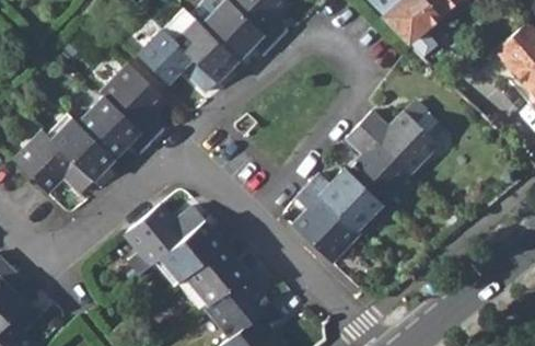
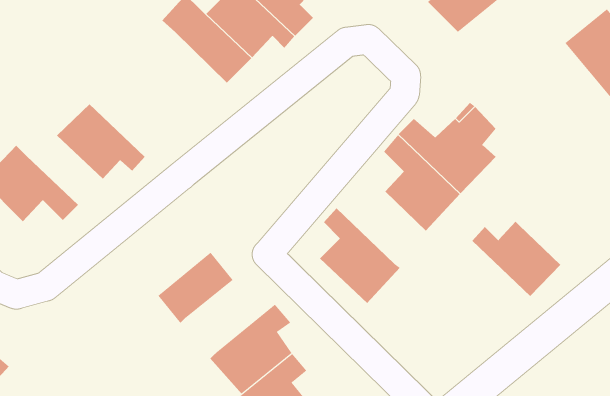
building: [140,31,218,92] -> none
building: [100,65,165,142] -> none
building: [54,120,116,182] -> none
building: [307,168,381,230] -> [472,221,561,297]
building: [126,204,205,273] -> none
building: [184,243,257,303] -> none

